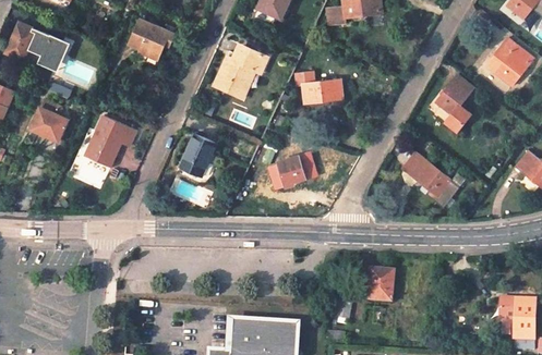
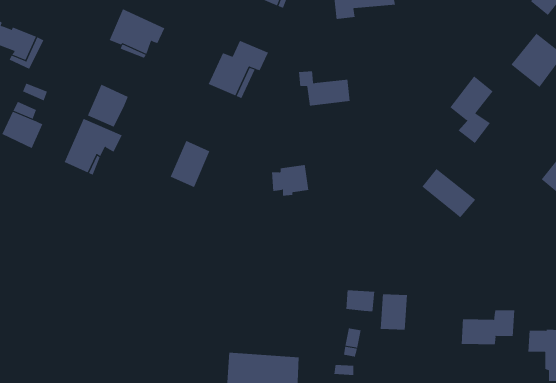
building: none -> [87,84,129,128]
building: none -> [346,290,375,312]
building: none -> [461,310,515,345]

